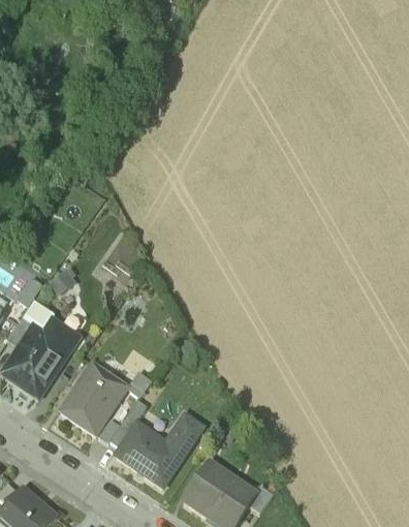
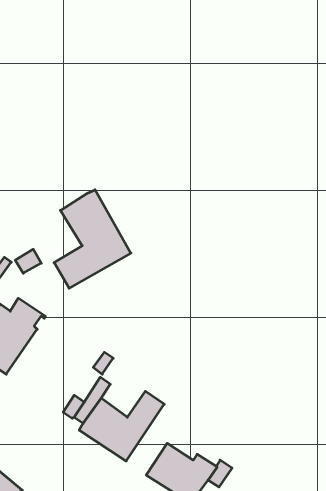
building: none -> [54,190,131,288]
building: [60,364,122,433] -> none

